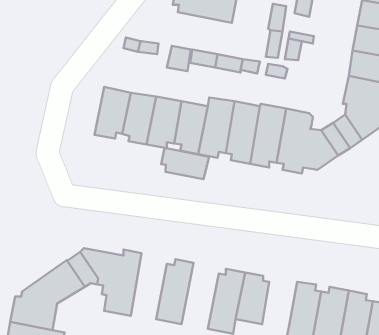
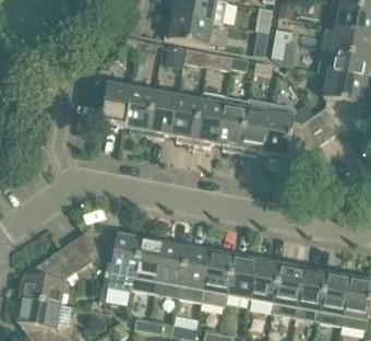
building: none -> [164,14,212,46]
building: [161,148,209,179] -> none
building: none -> [131,233,164,293]
building: none -> [177,242,211,302]
building: none -> [250,256,282,302]

